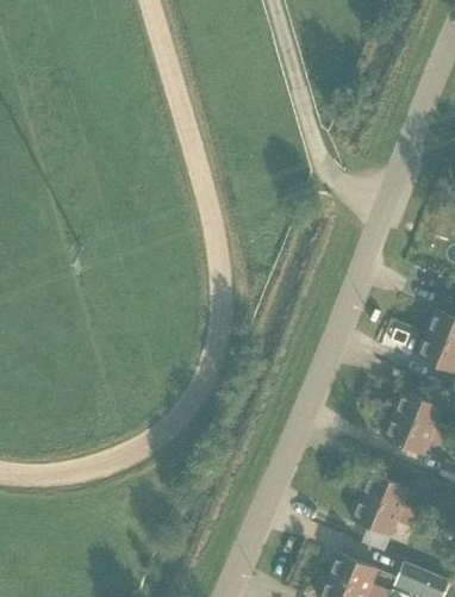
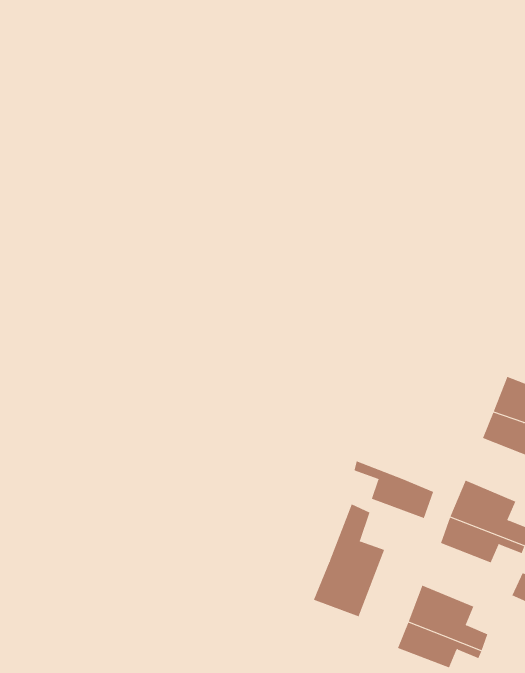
building: none -> [354,460,434,519]
building: none -> [313,503,385,617]

